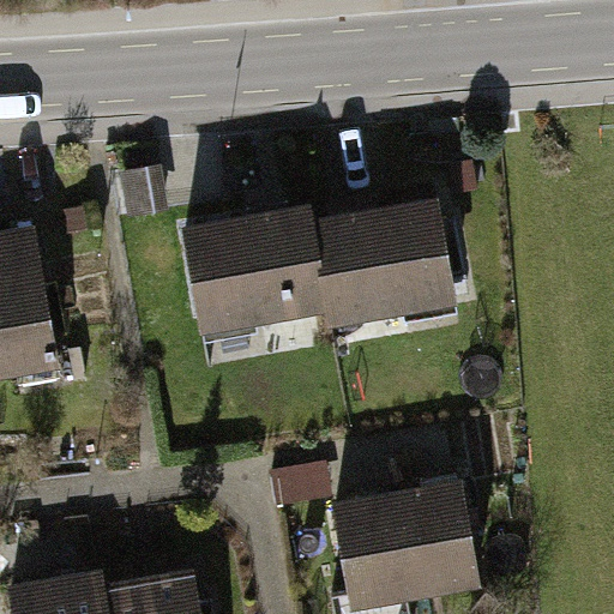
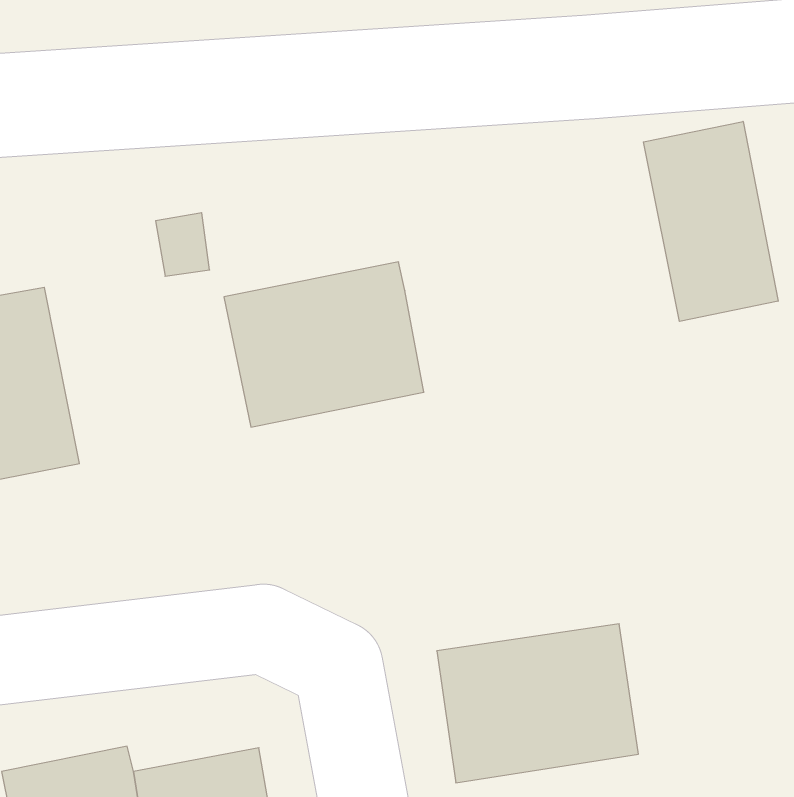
building: none -> [643,121,778,321]
building: [306,204,457,327] -> none

